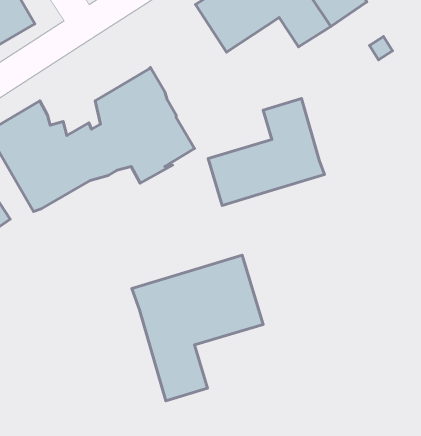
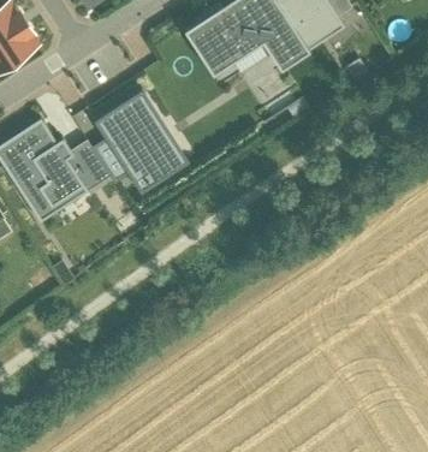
building: [208,98,325,205] -> none
building: [132,255,263,401] -> none

